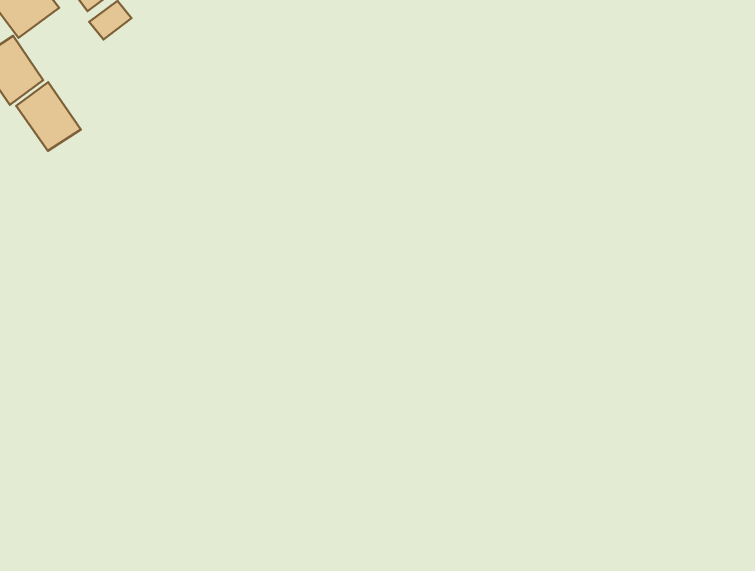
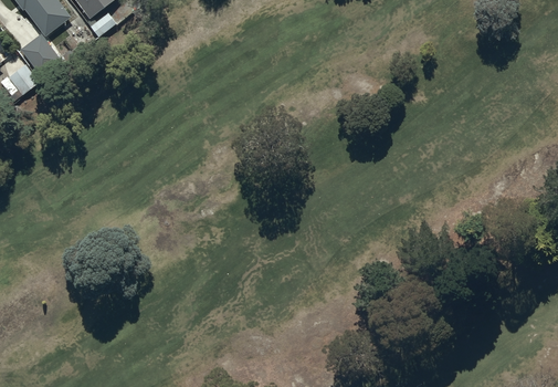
building: [16,82,81,151] -> none

